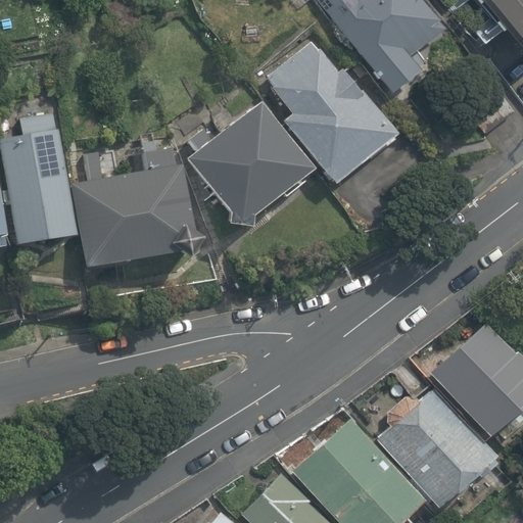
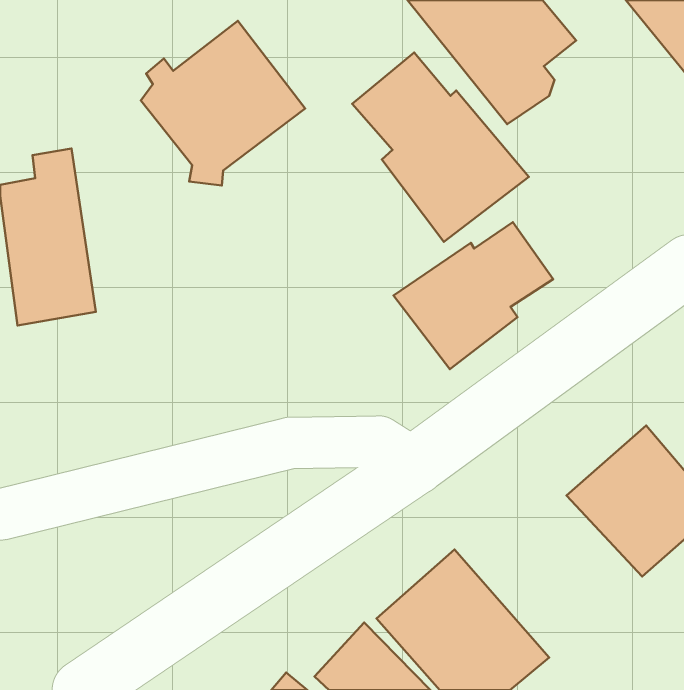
building: [188,100,313,225] -> [141,21,305,185]
building: [75,146,199,270] -> none
building: none -> [394,222,553,369]
building: [374,386,493,506] -> none

